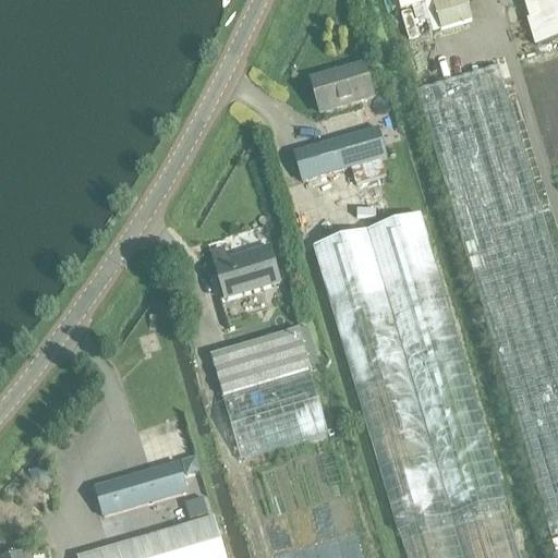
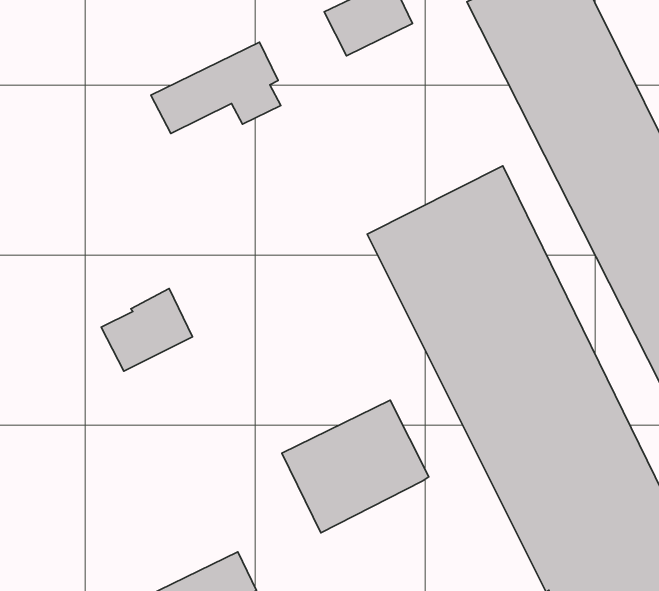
building: [293,123,388,181] -> [151,42,281,133]
building: [215,242,280,296] -> [101,289,192,371]
building: [211,325,311,391] -> none

